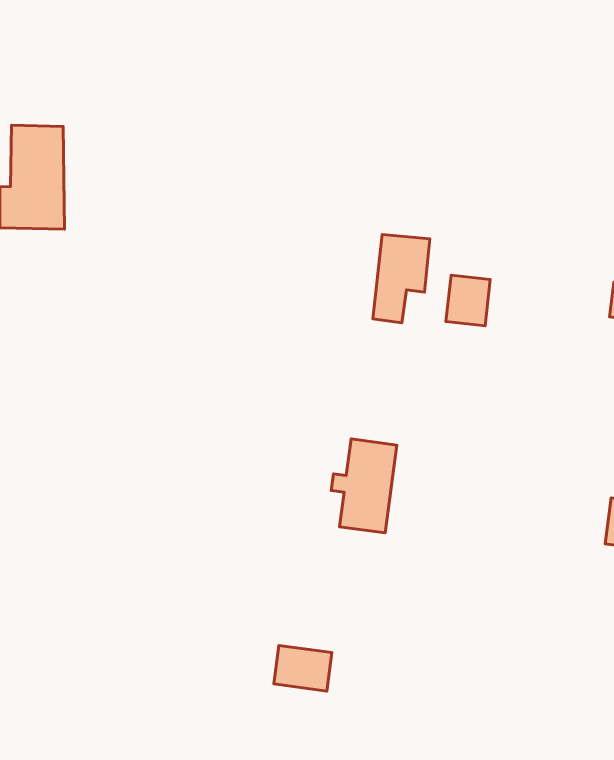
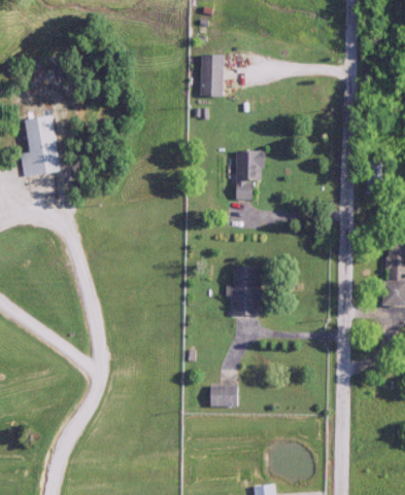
building: none -> [201,55,223,97]
building: [446,275,490,326] -> none

